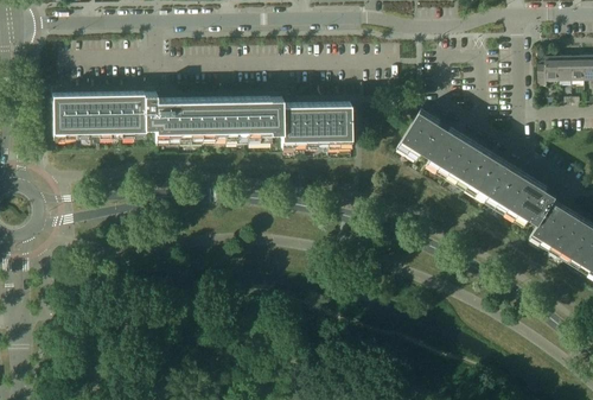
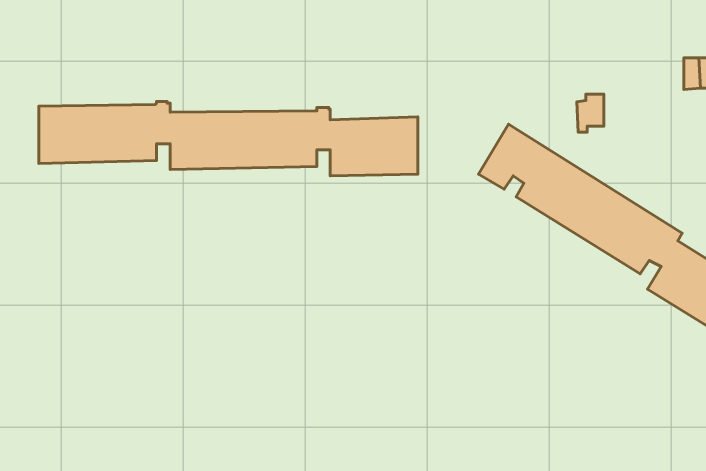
building: [538,56,560,85] -> [577,94,604,132]

